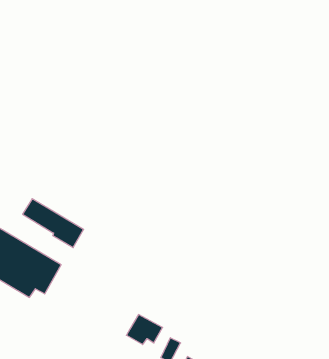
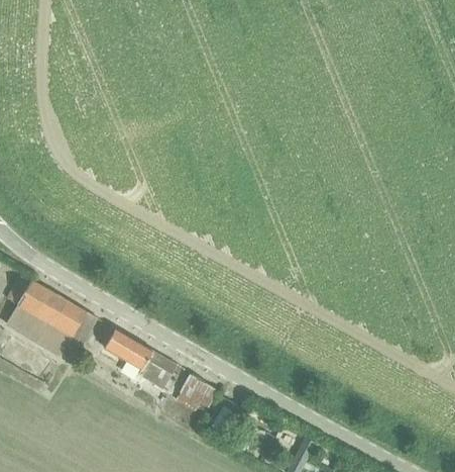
building: [23,199,84,248] -> [104,329,176,387]

